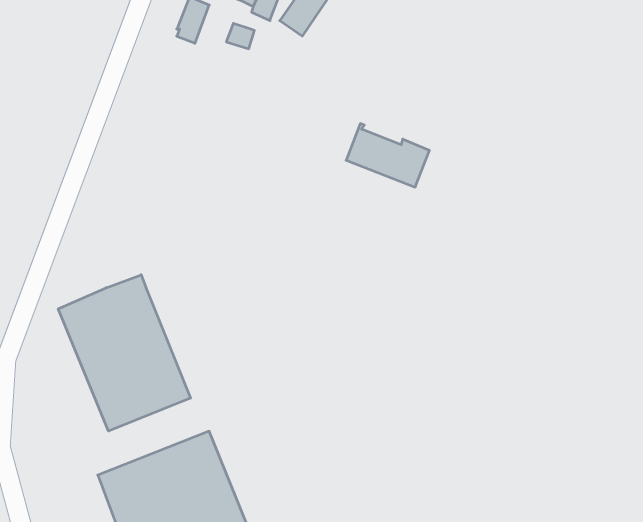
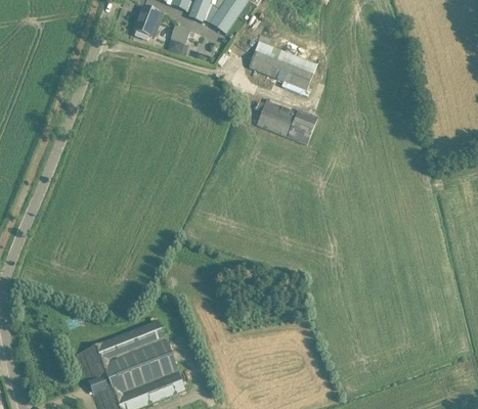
building: none -> [249,41,316,89]
building: [58,275,191,431] -> none

